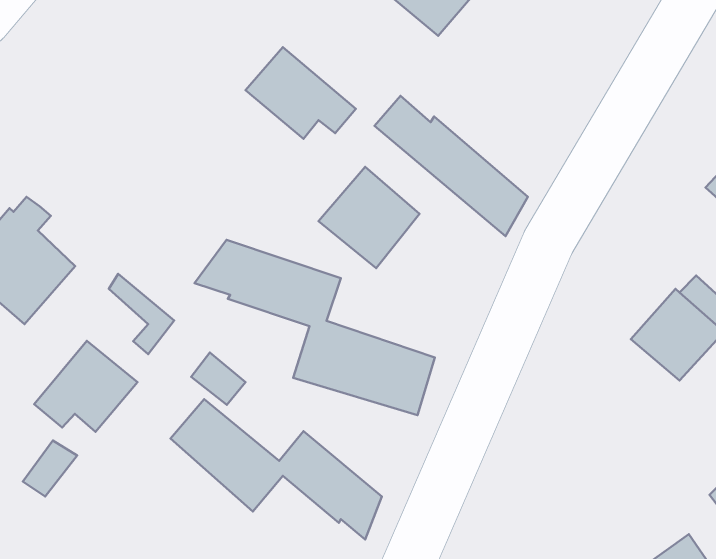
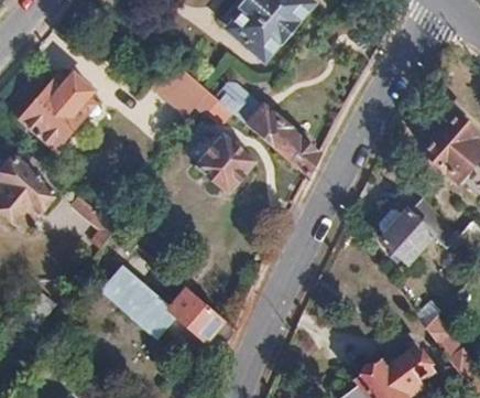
building: none -> [21,74,90,149]
building: [195,240,435,415] -> none
building: [34,341,137,432] -> none

